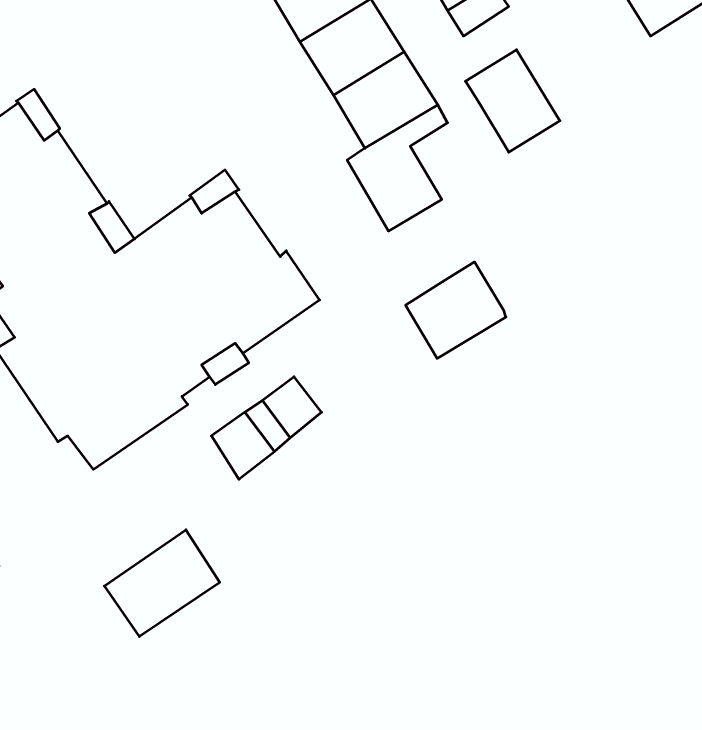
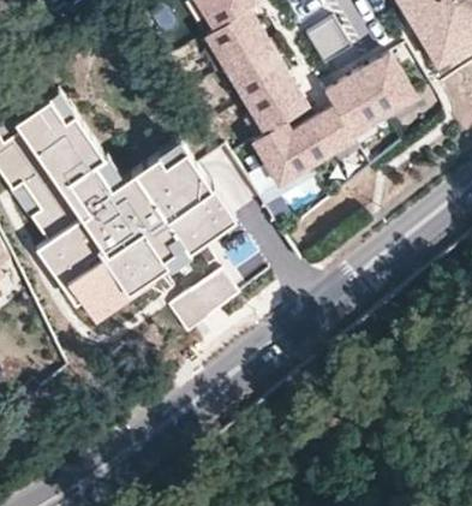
building: none -> [357,50,416,114]
building: [406,262,506,358] -> [292,103,353,162]
building: [104,530,220,637] -> none

